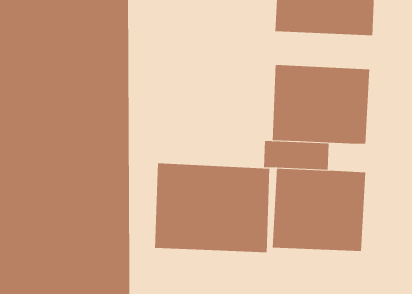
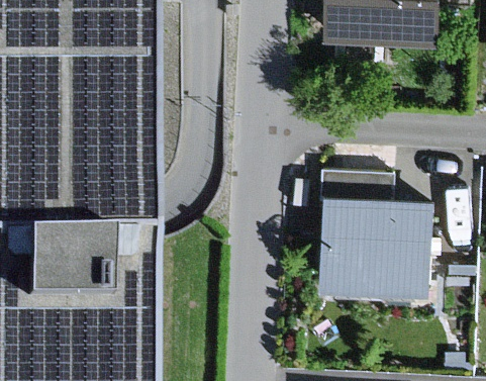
building: [272,64,370,145] -> none
building: [155,163,270,253] -> none

